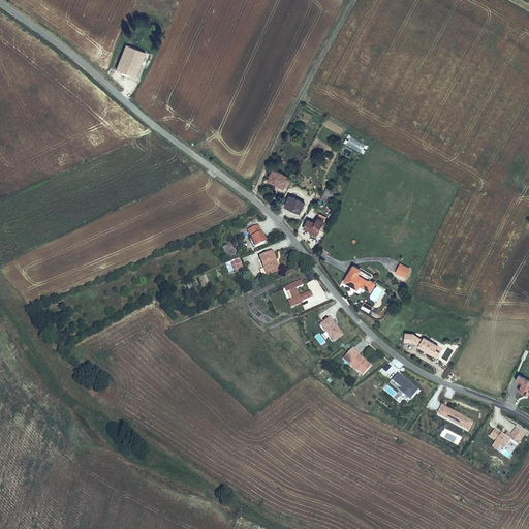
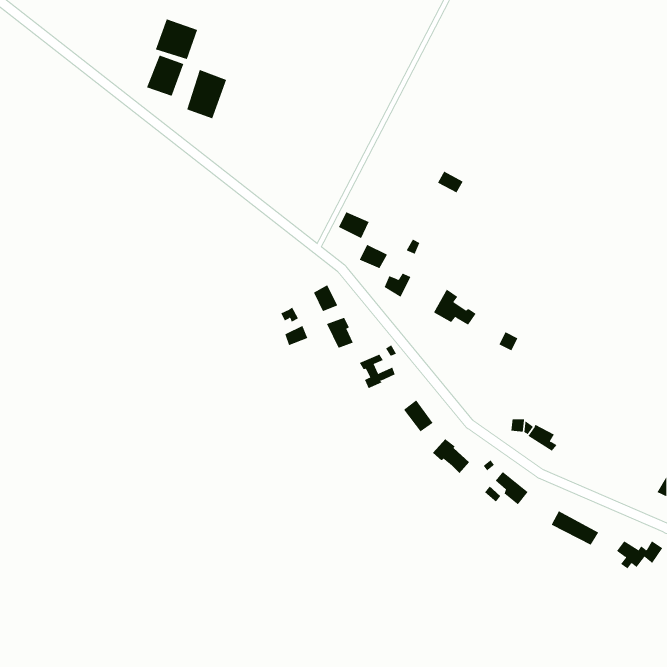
building: none -> [155,18,198,60]
building: none -> [186,69,227,119]
building: [343,262,377,291] -> [433,289,476,326]

